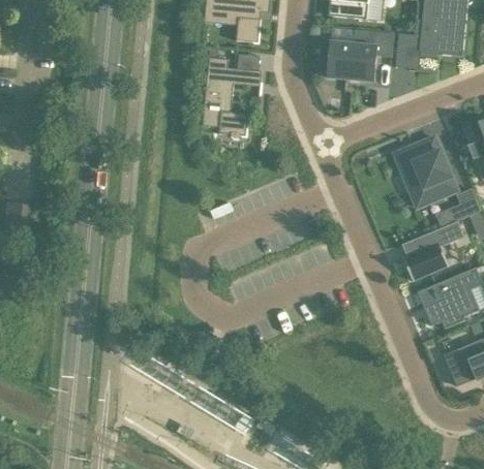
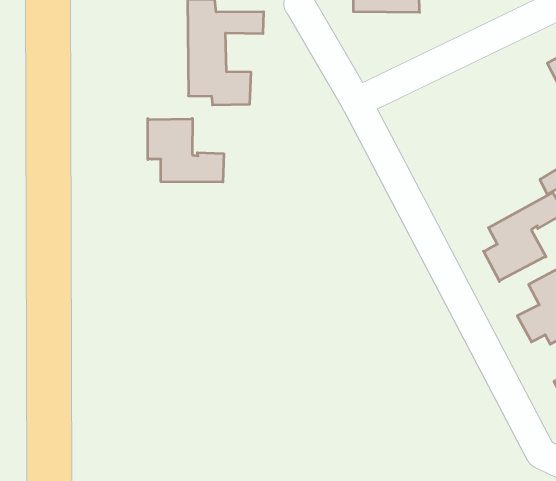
building: [394,136,457,207] -> none
building: none -> [148,118,224,182]

